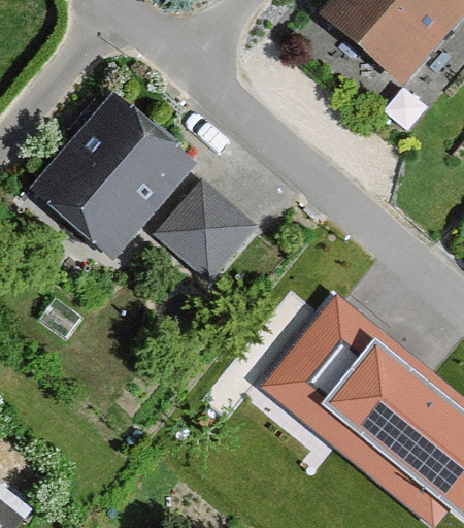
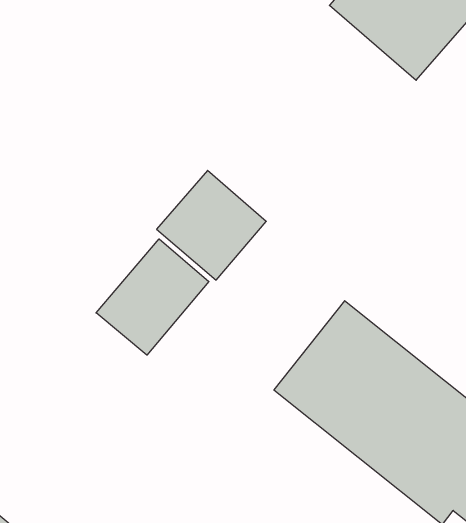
building: [30,91,198,260] -> none
building: none -> [96,239,209,355]

